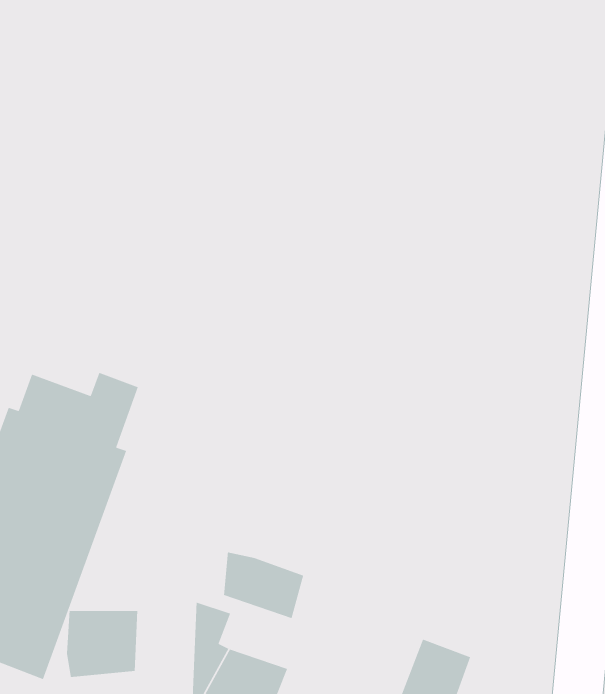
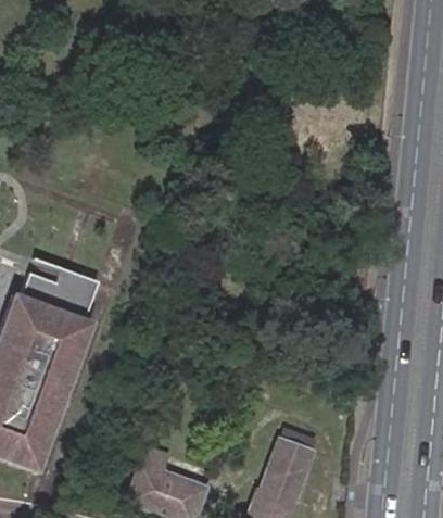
building: [223,551,304,619] -> none
building: [66,610,138,678] -> none

